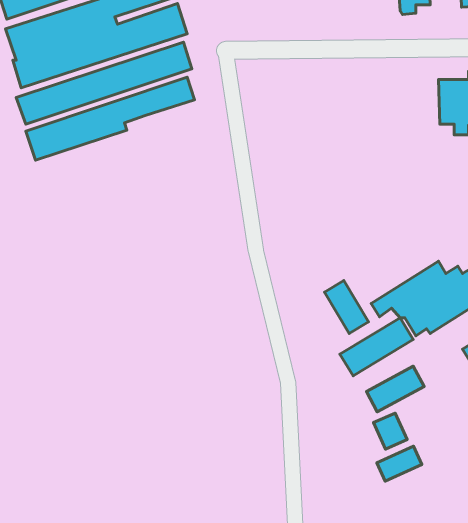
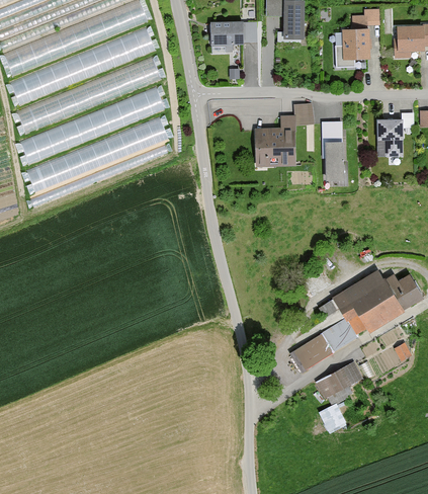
building: none -> [252,103,316,166]
building: none -> [323,120,342,183]
building: [325,281,368,333] -> none
building: [377,446,422,481] -> none

